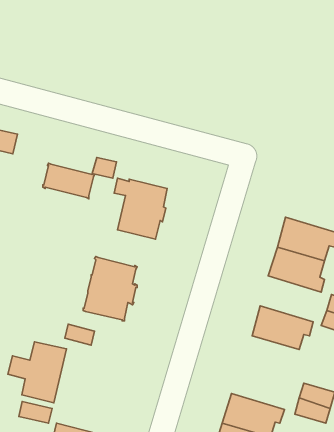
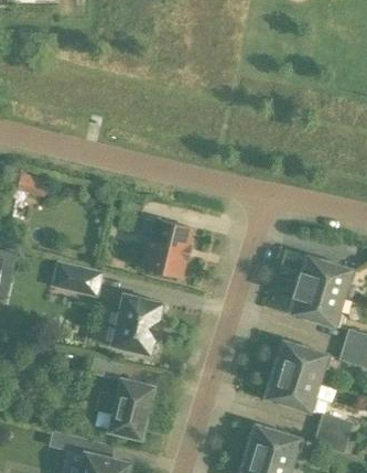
building: [43,163,95,199] -> [52,262,101,297]
building: none -> [263,369,317,412]
building: [8,342,67,403] -> [96,380,152,439]

